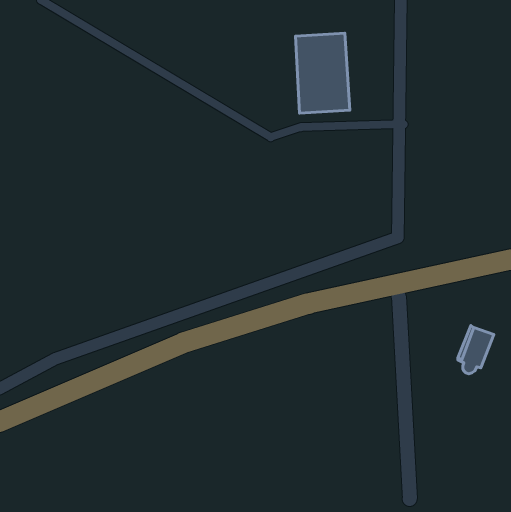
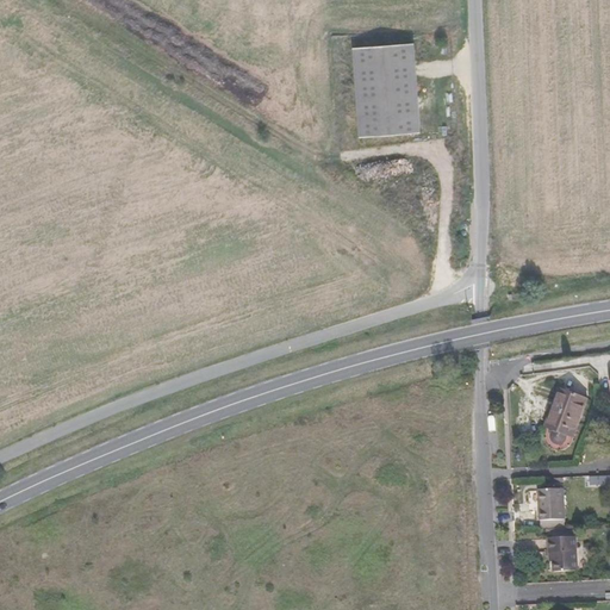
building: none -> [539,488,564,521]
building: none -> [548,536,577,572]

